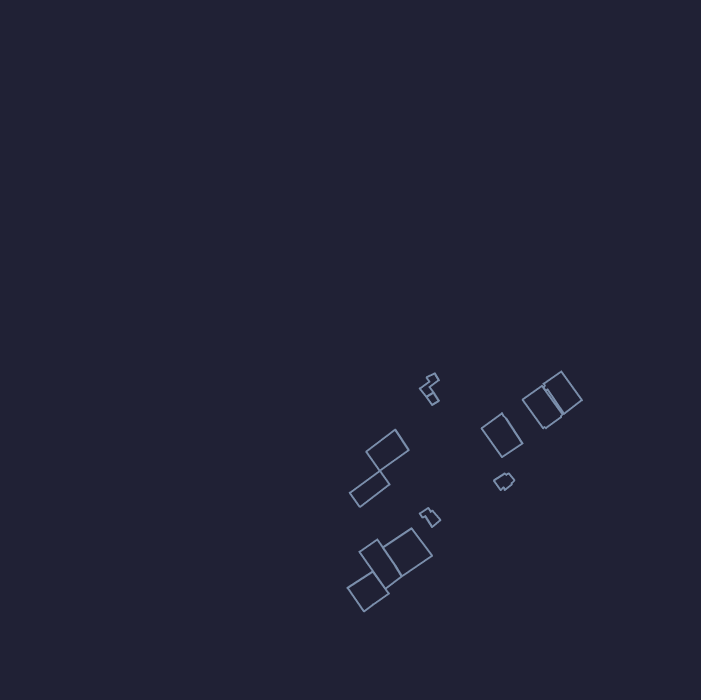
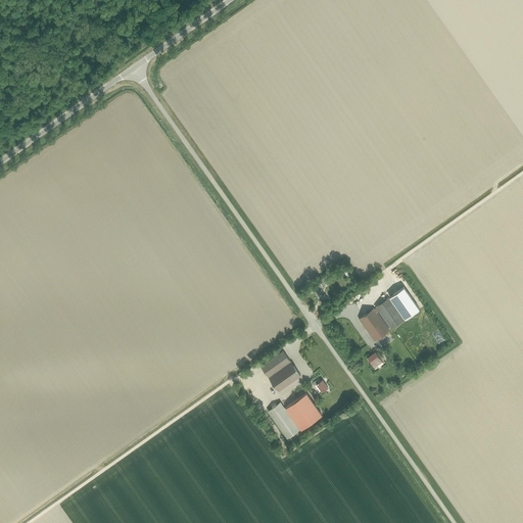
building: [543,371,582,414] -> [375,298,403,330]
building: [366,430,409,471] -> [269,362,300,392]
building: [347,571,389,611] -> none

